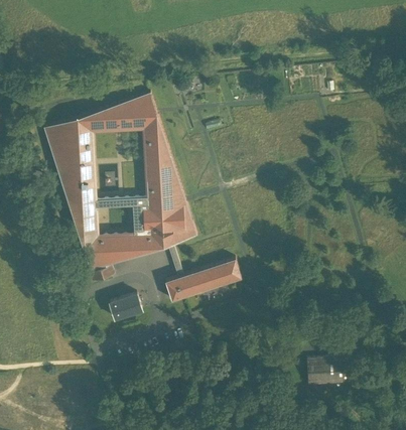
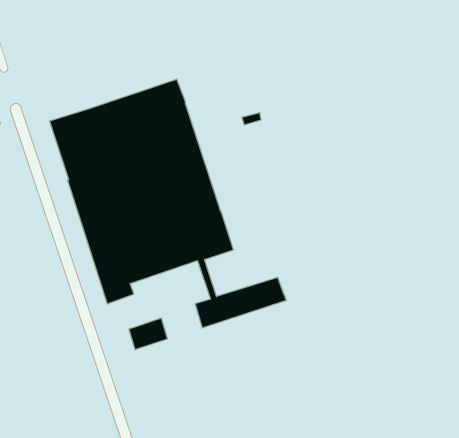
building: [307,357,346,386] -> none

